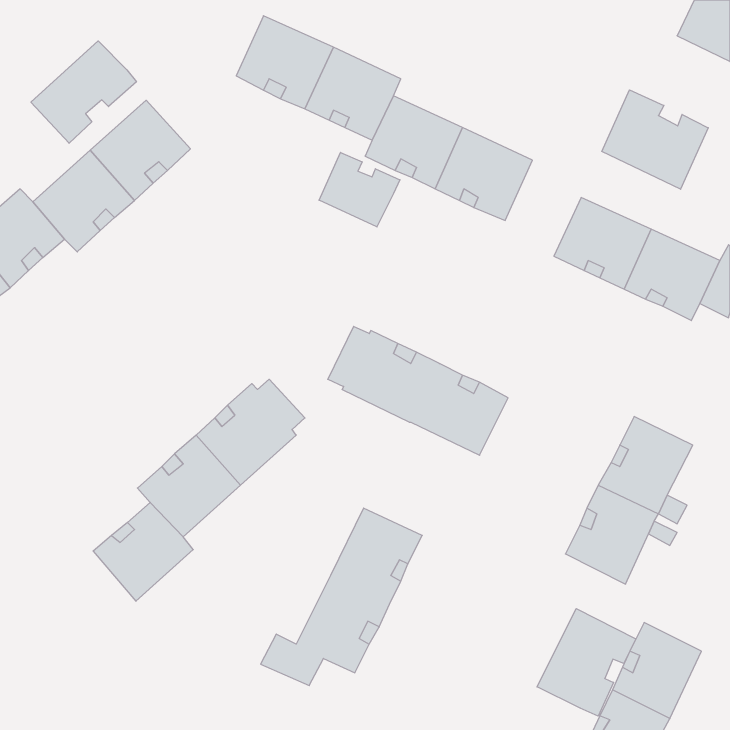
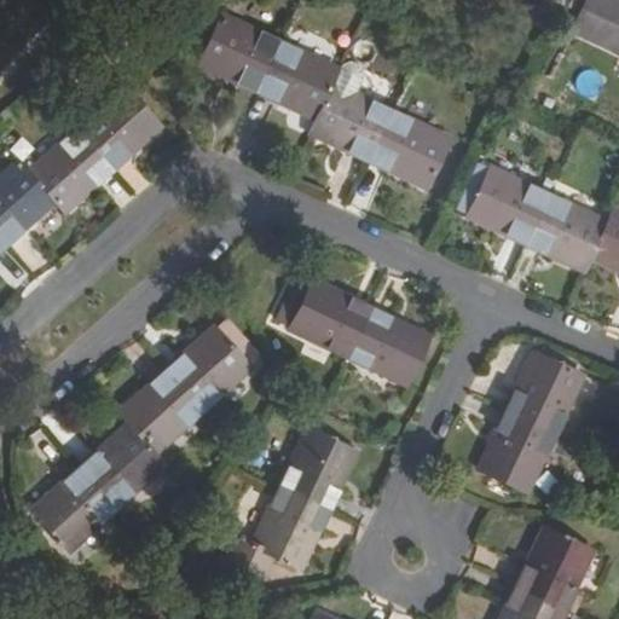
building: [31,41,136,143] -> none
building: [602,90,708,189] -> none
building: [319,152,400,227] -> none
building: none -> [31,467,115,551]
building: [537,609,636,716] -> none

